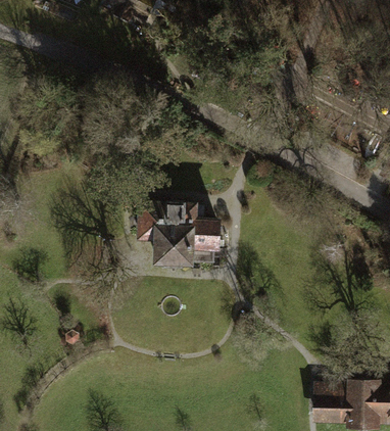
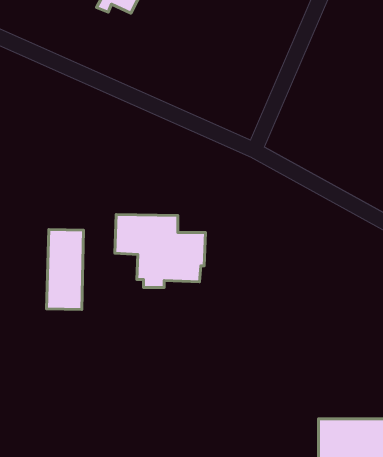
building: none -> [46,229,83,310]

